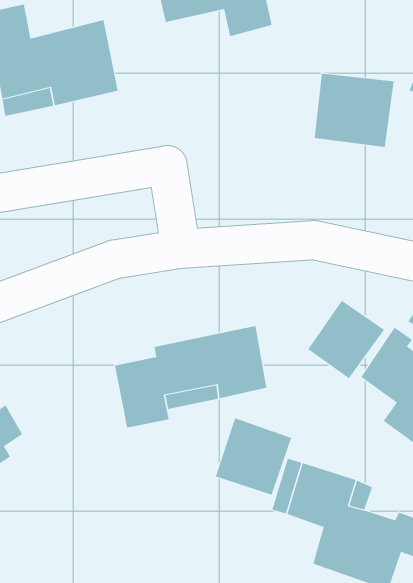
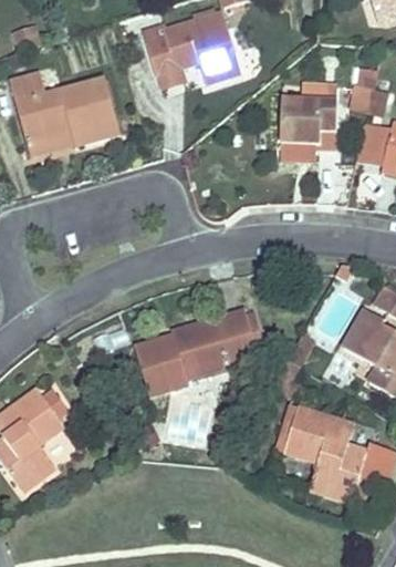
building: [307,300,385,379] -> none
building: [215,417,292,495] -> none

